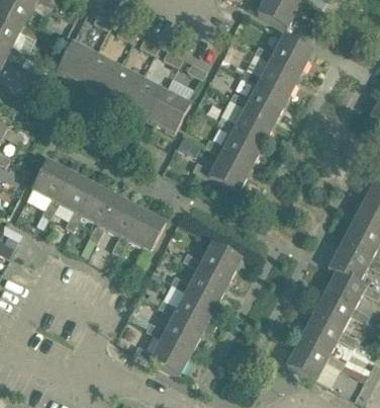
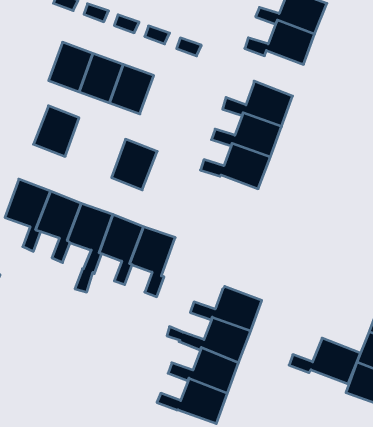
building: [57,39,96,82] -> [33,106,79,156]
building: [229,81,287,120] -> none
building: [151,89,190,132] -> [112,139,157,190]
building: [183,242,242,281] -> [289,338,361,384]

